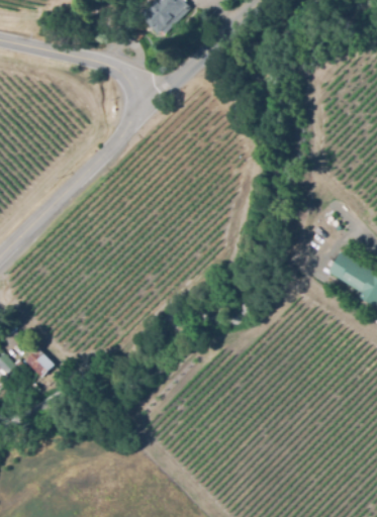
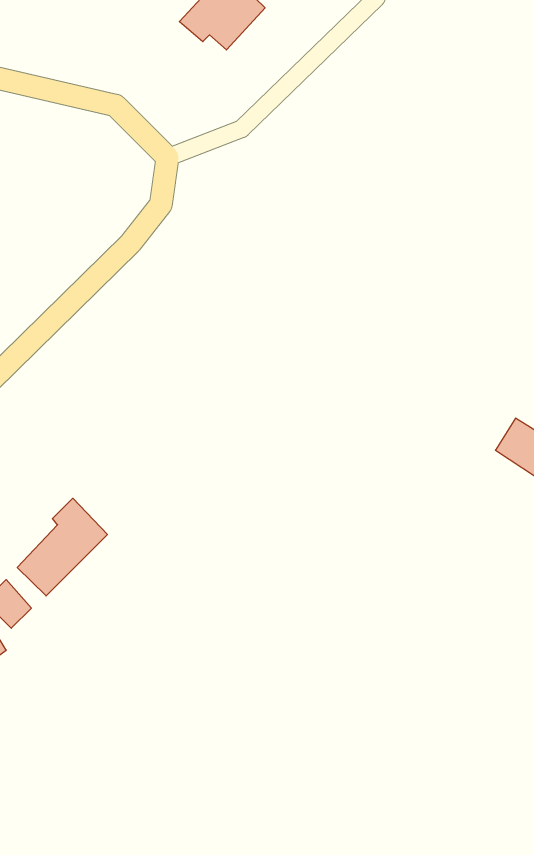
building: none -> [17,498,107,596]

